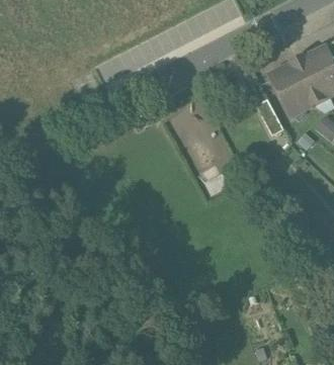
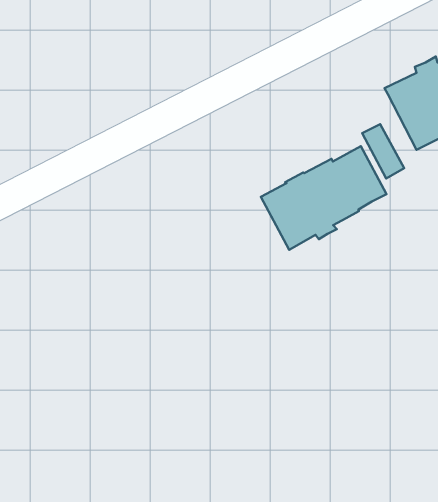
building: none -> [261,146,387,250]

